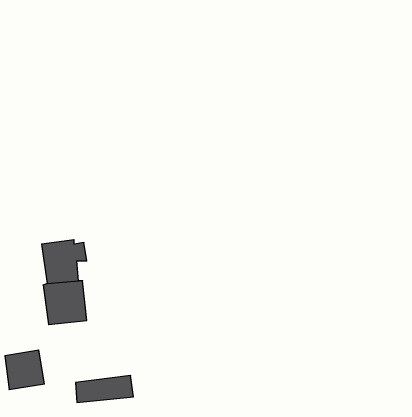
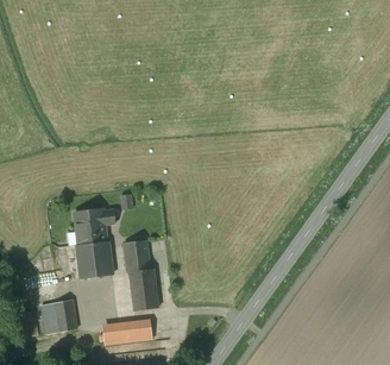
building: none -> [124,240,157,310]

